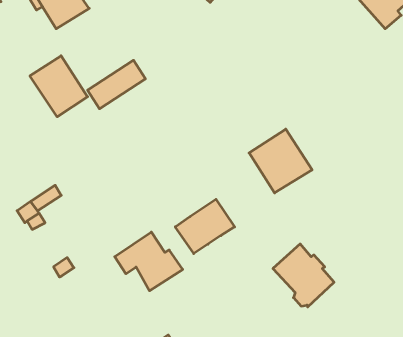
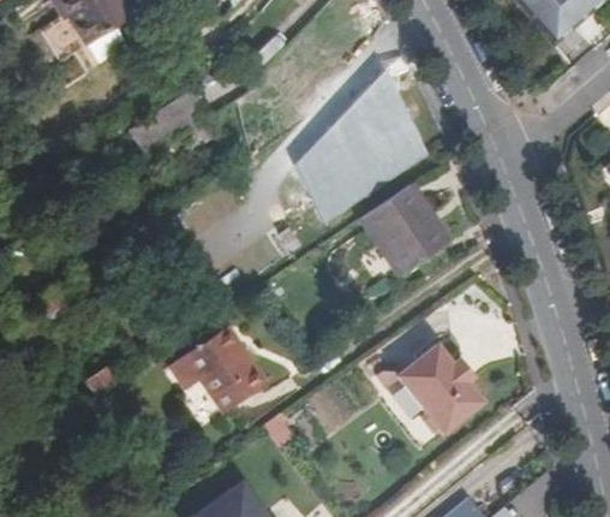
building: none -> [297,67,430,222]
building: [30,56,88,117] -> none
building: [175,199,235,254] -> none

